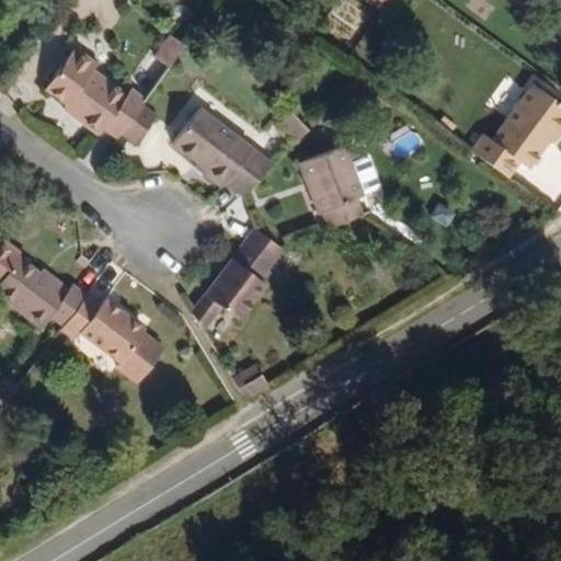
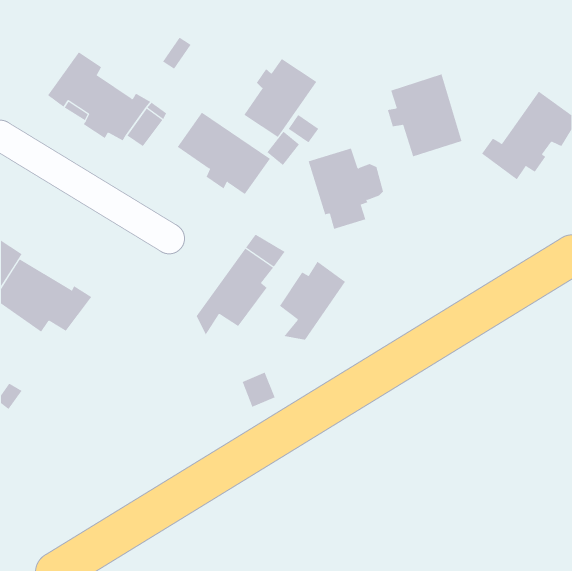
building: none -> [244,58,317,138]
building: none -> [387,74,462,157]
building: none -> [279,261,346,340]
building: [62,294,165,380] -> none

